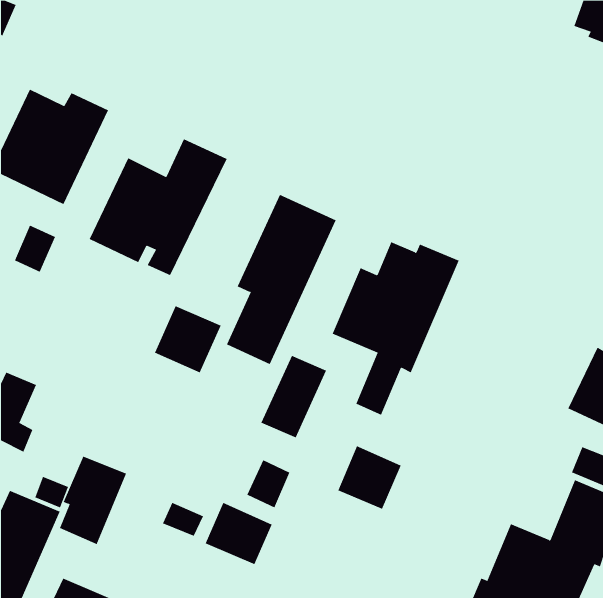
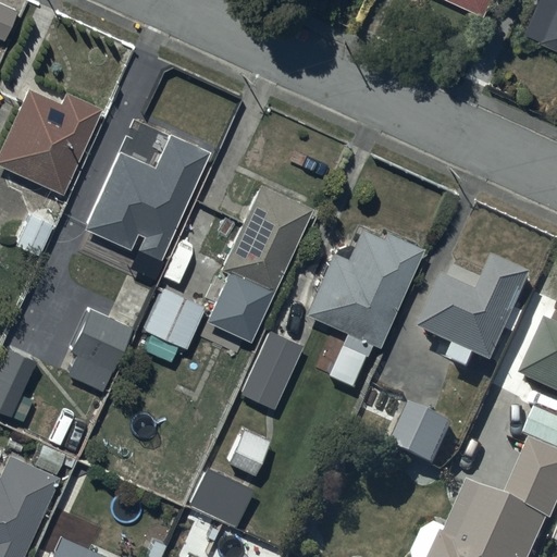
building: none -> [422,263,535,374]
building: [337,445,401,509] -> [395,410,454,469]
building: [59,456,127,545] -> [69,310,131,392]

